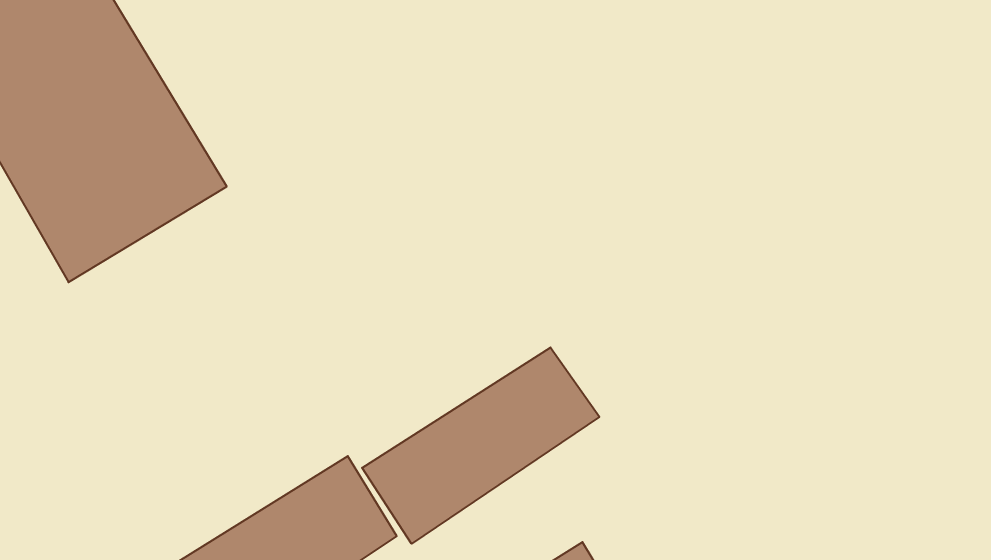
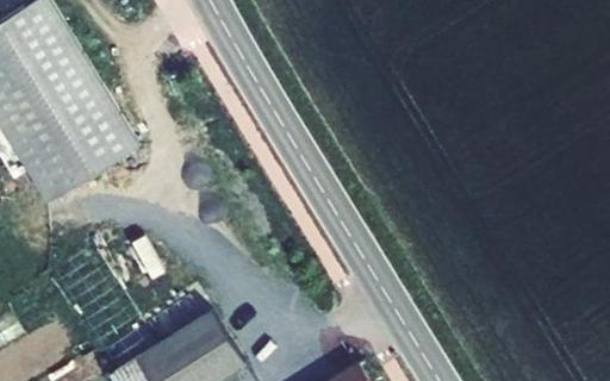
building: [362,347,599,544] -> none

